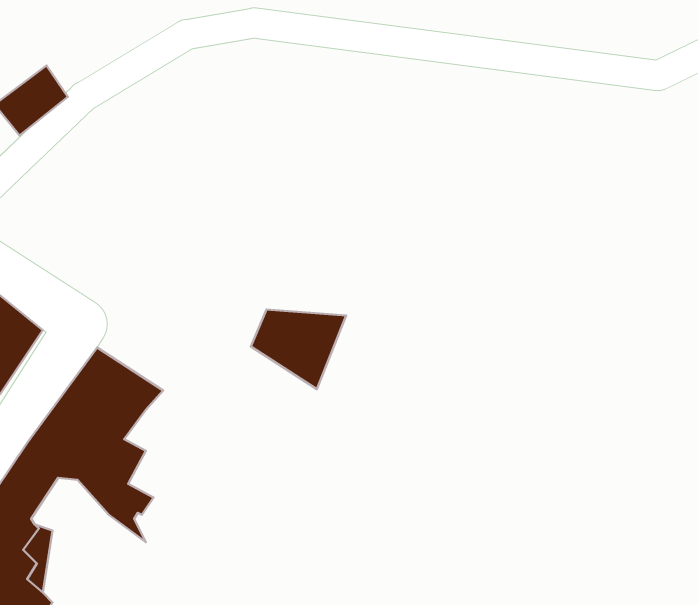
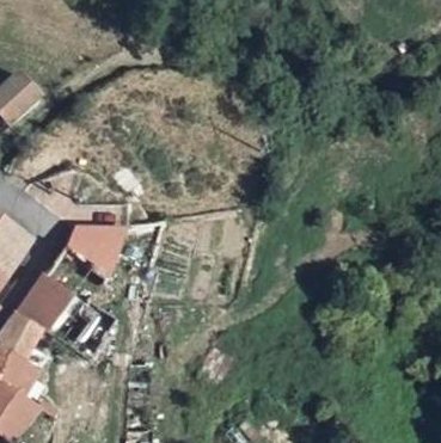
building: [251,310,346,389] -> [61,226,120,275]

